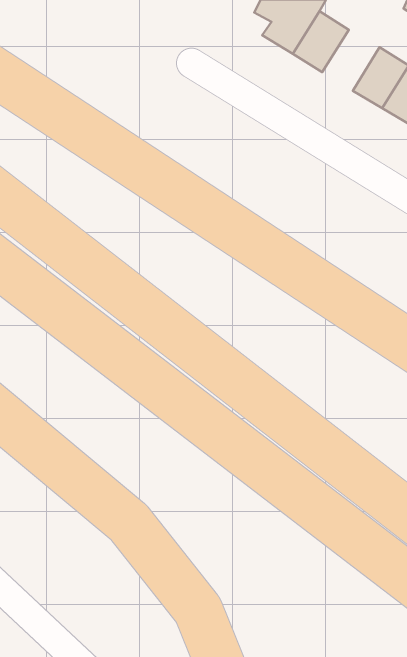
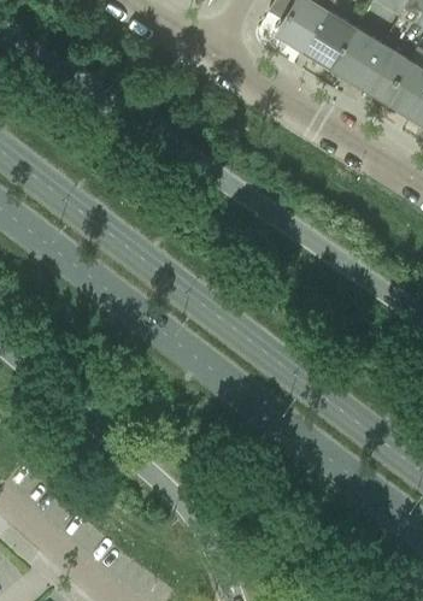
building: none -> [329,29,381,84]

